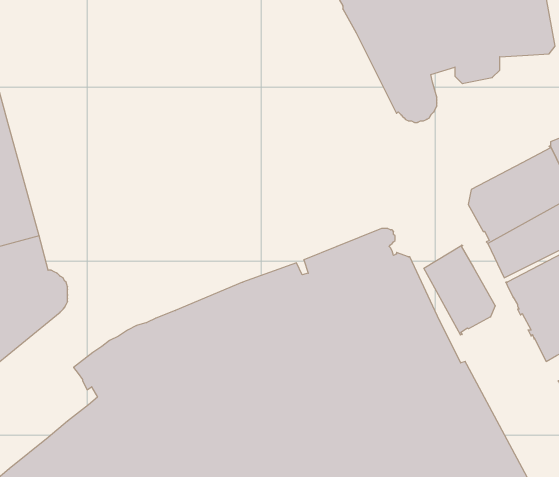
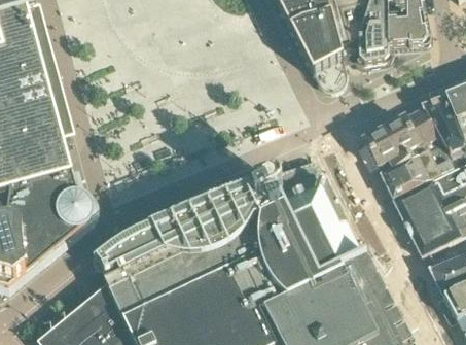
building: [424,245,495,335] -> none

